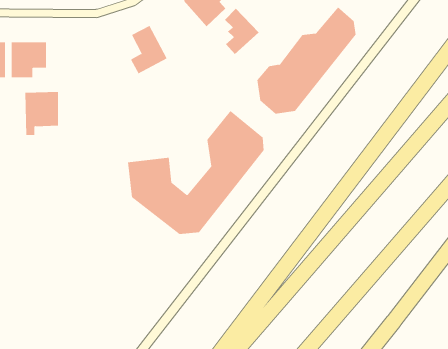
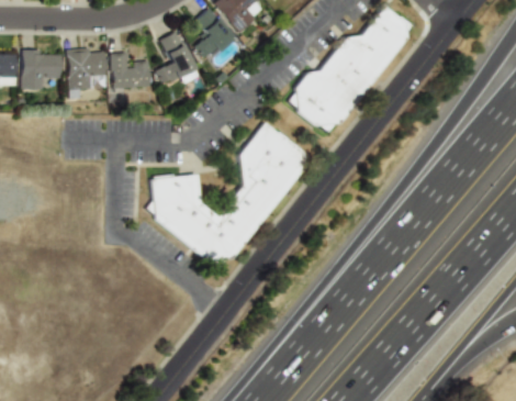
building: [224,8,259,55] -> [195,5,235,58]
building: none -> [111,53,150,87]
building: [24,92,59,136] -> [67,46,105,96]

